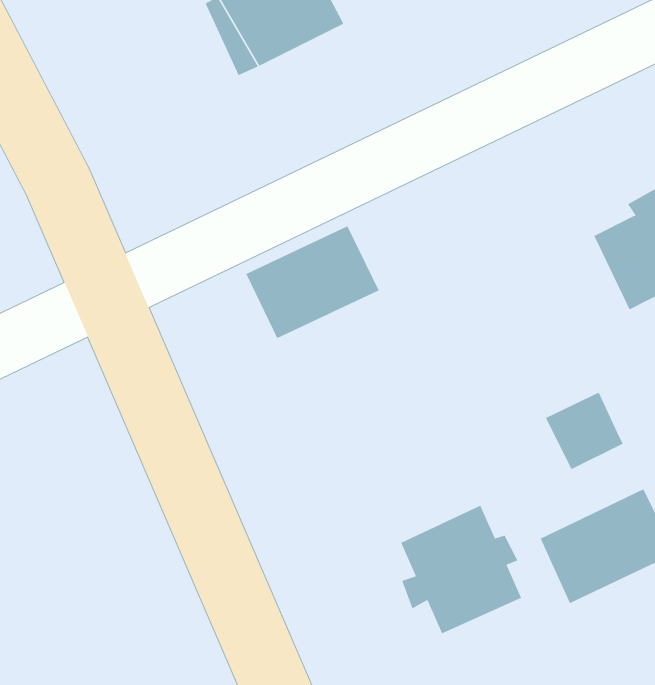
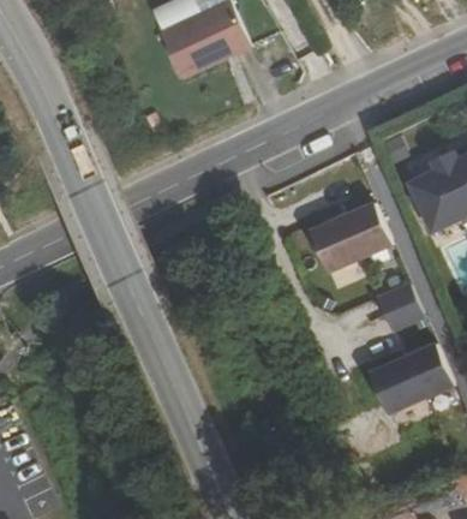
building: [245,226,379,339] -> [307,201,394,274]
building: [400,505,522,634] -> none

